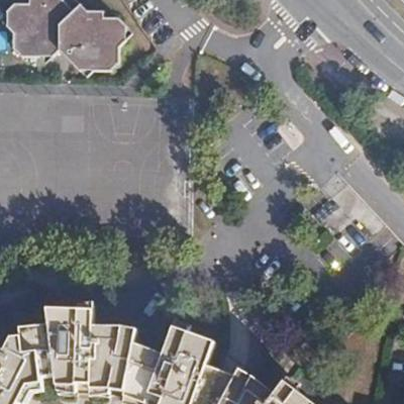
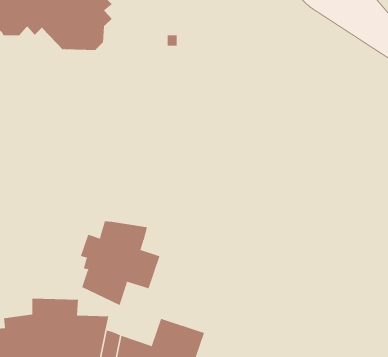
building: none -> [80,221,160,306]

